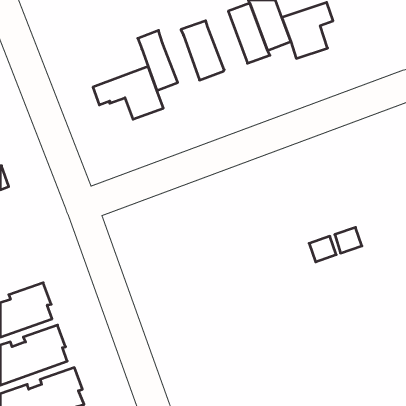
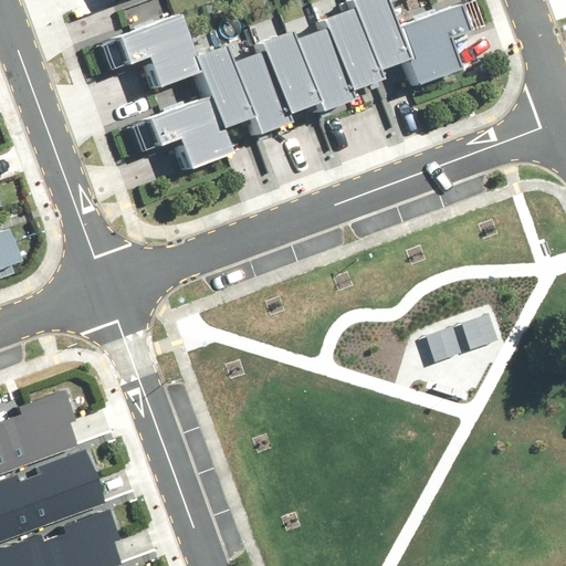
building: none -> [102,14,200,87]
building: none -> [291,29,350,113]
building: none -> [229,53,284,136]

